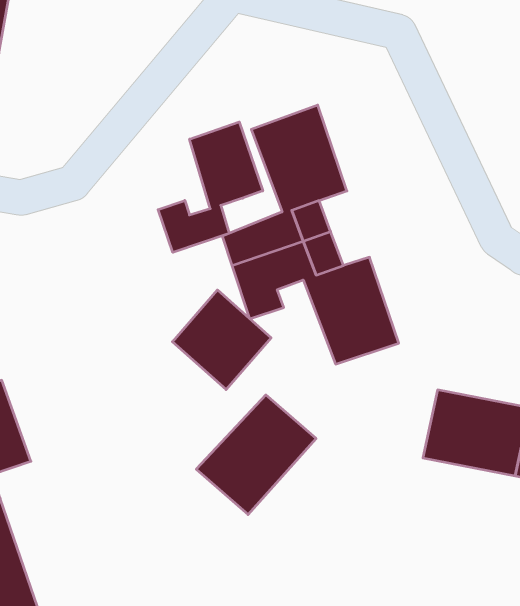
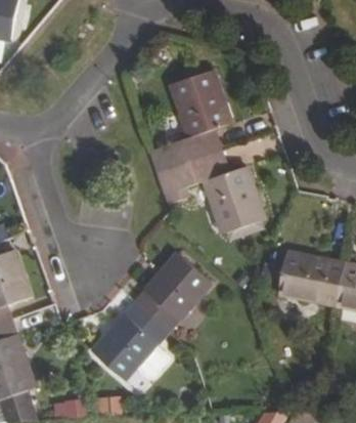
building: [158,122,263,252] -> none
building: [172,290,271,390] -> none
building: none -> [92,301,169,379]

